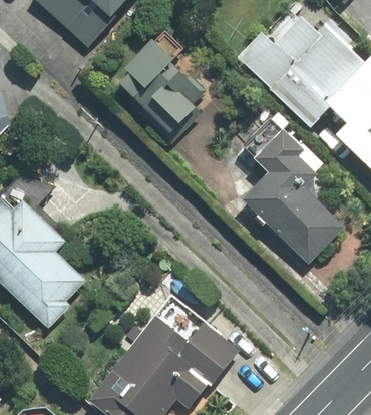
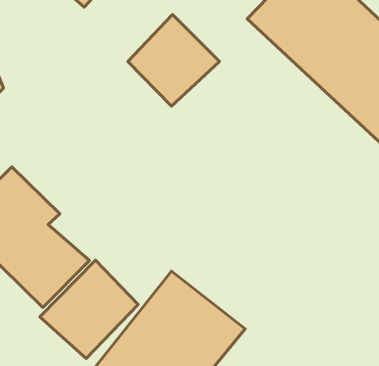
building: [240,129,345,266] -> none
building: none -> [40,260,138,359]

